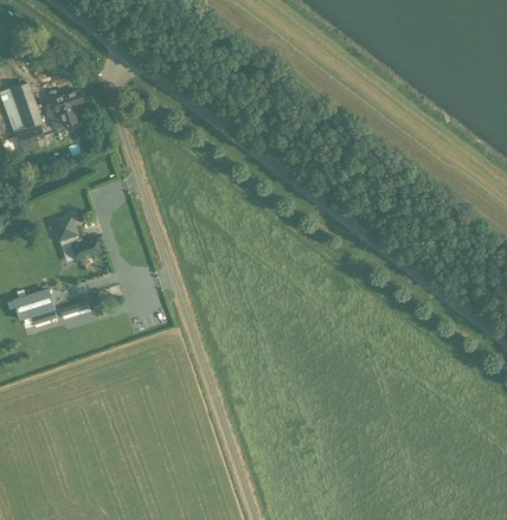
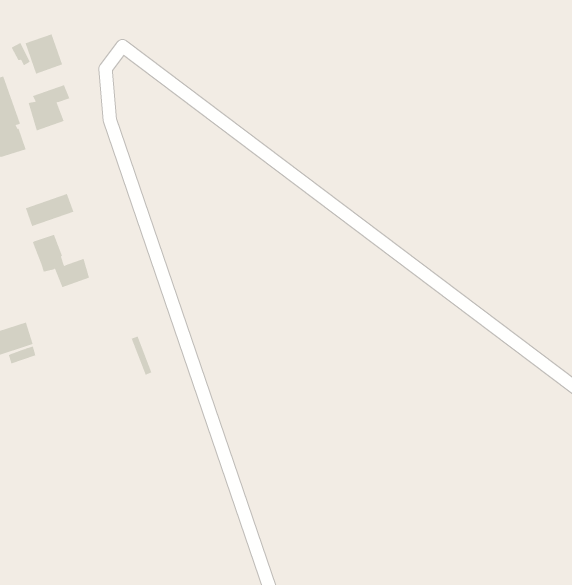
building: none -> [25,33,63,74]
building: none -> [25,193,74,227]

